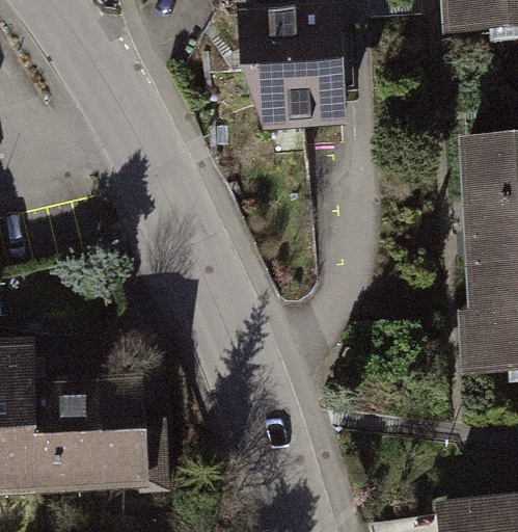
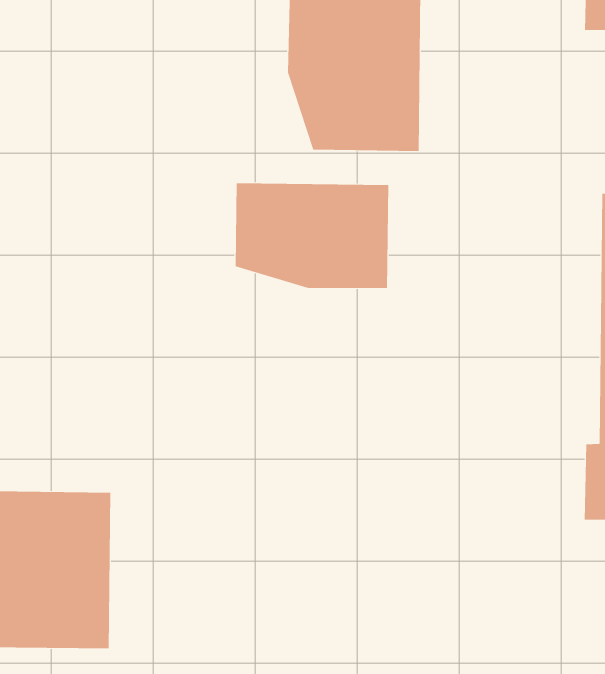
building: none -> [235,182,389,289]

